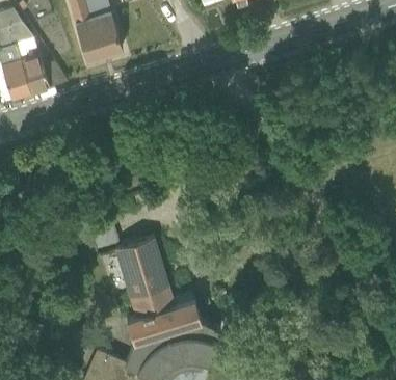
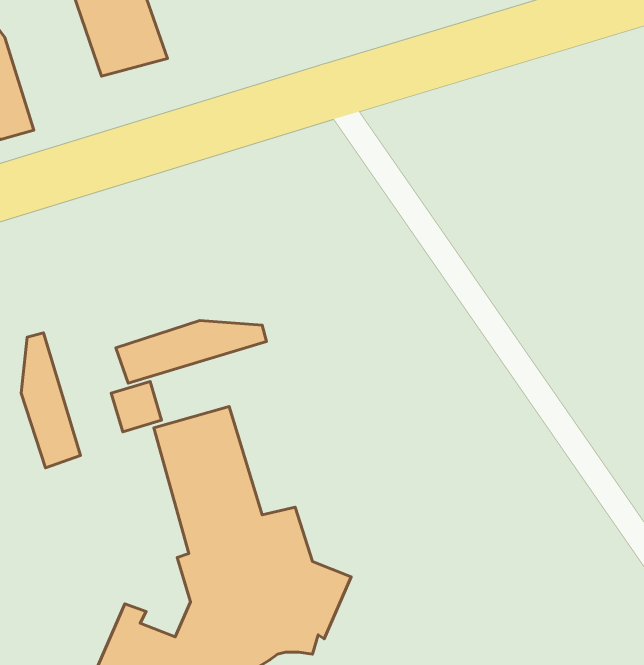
building: none -> [116,321,266,383]
building: none -> [21,333,80,468]

